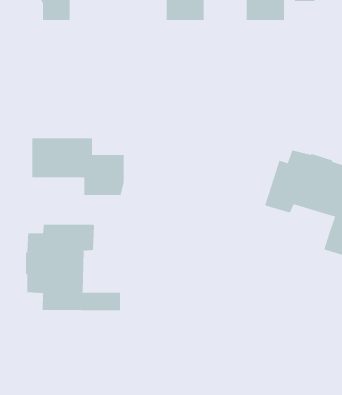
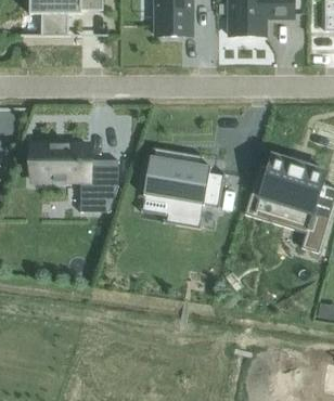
building: none -> [142,148,223,220]
building: [25,224,120,311] -> none

